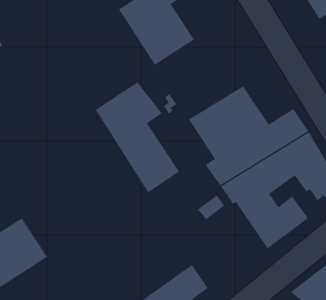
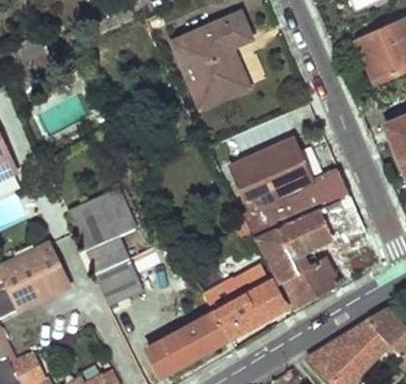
building: [95,82,180,193] -> [69,192,145,306]
building: none -> [203,266,283,339]

